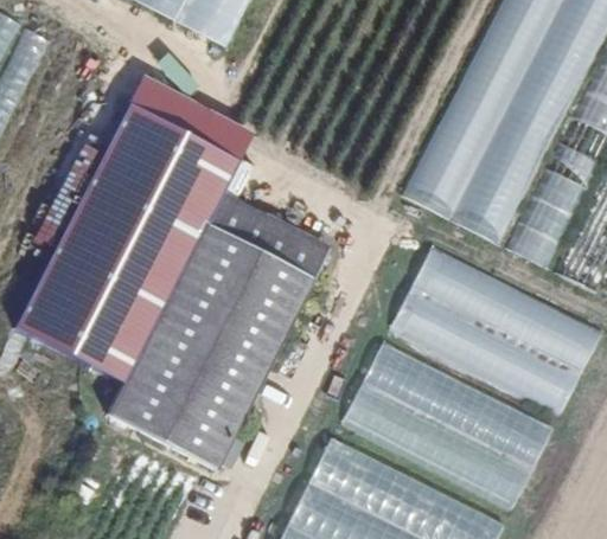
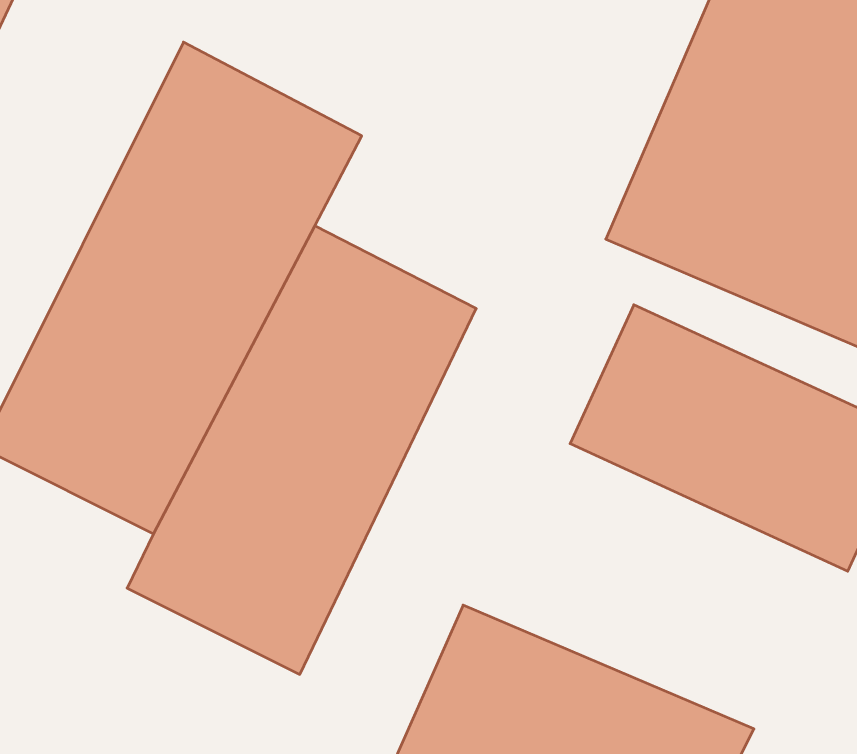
building: [338,340,554,509] -> none

